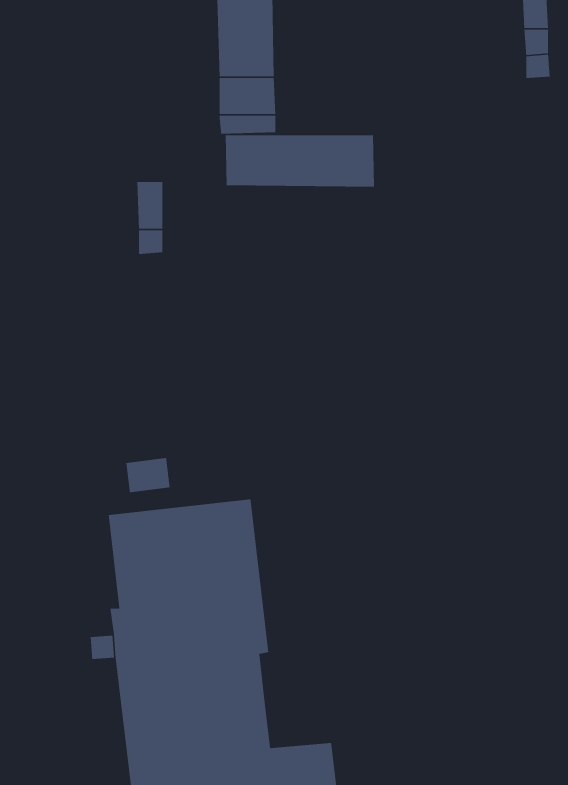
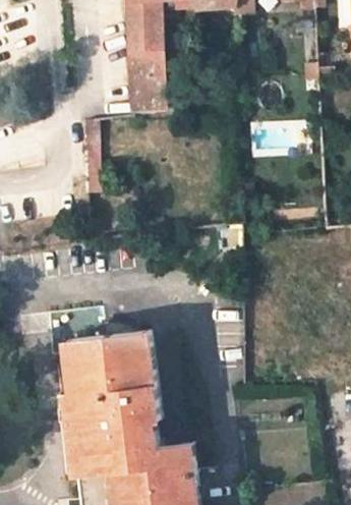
building: [225,134,375,187] -> none
building: none -> [157,442,194,470]

